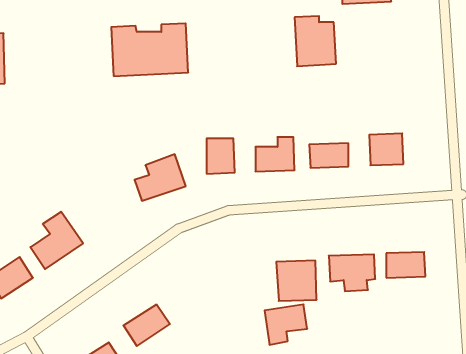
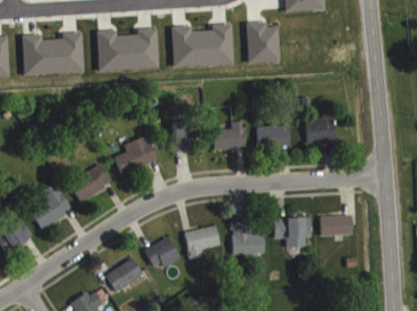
building: none -> [170,24,233,67]
building: none -> [21,32,83,75]
building: none -> [69,163,112,202]
building: none -> [143,237,179,267]
building: [265,304,307,345] -> [184,226,219,259]

